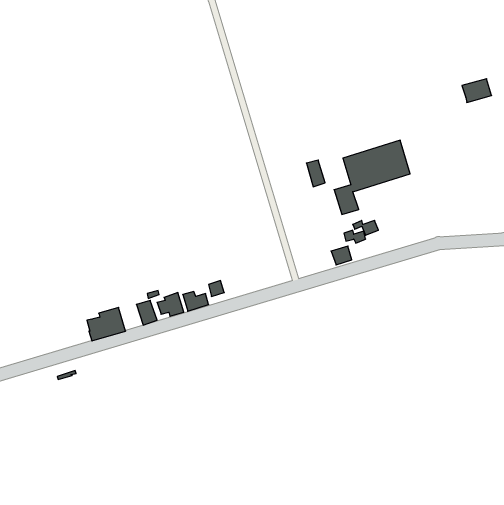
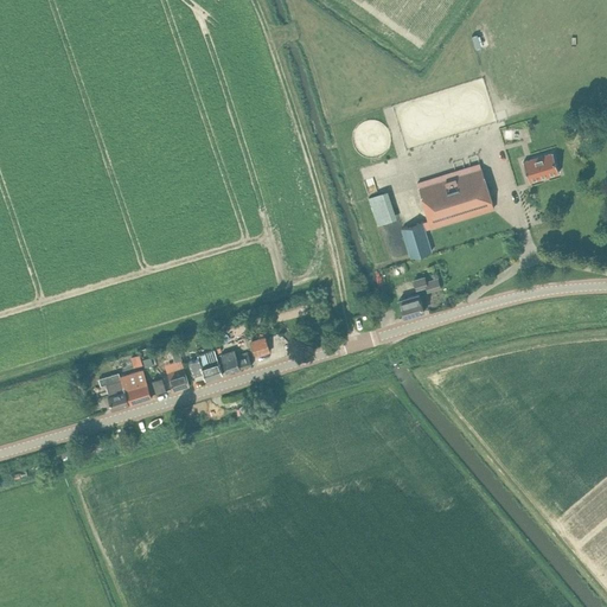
building: [462,79,492,102] -> [522,153,557,181]

